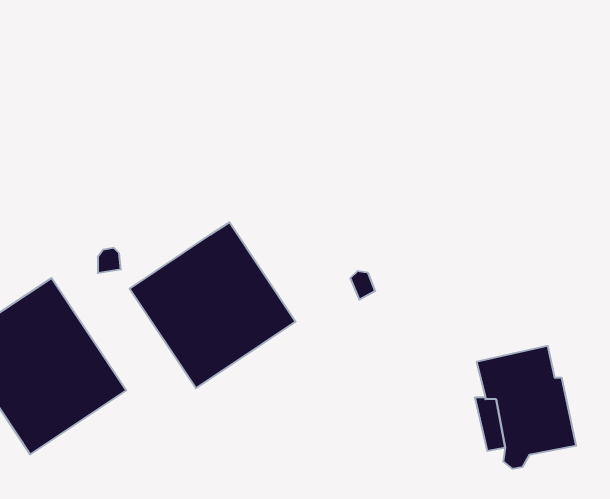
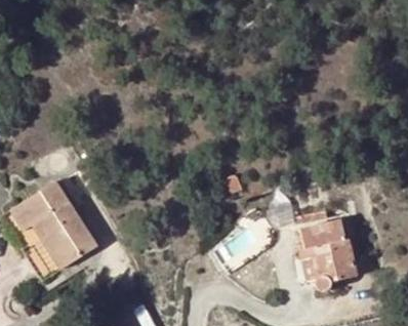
building: [130,222,296,388] -> none

